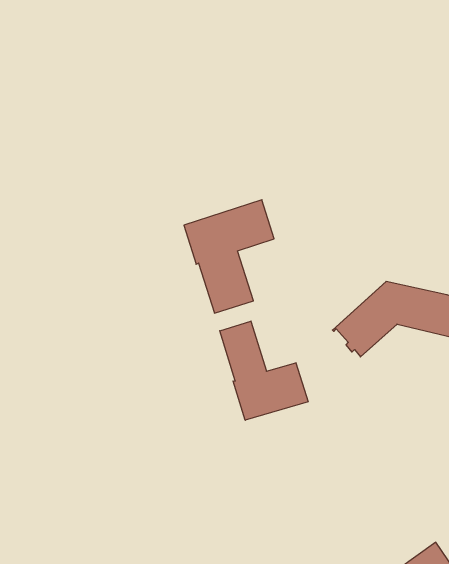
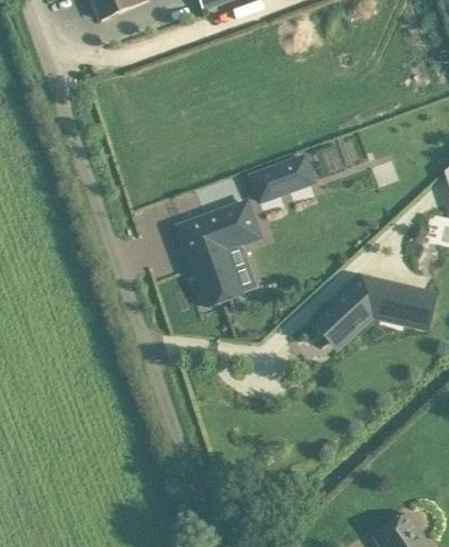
building: none -> [251,158,313,201]
building: [220,321,308,420] -> none

